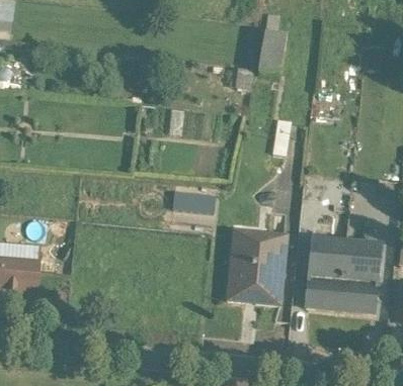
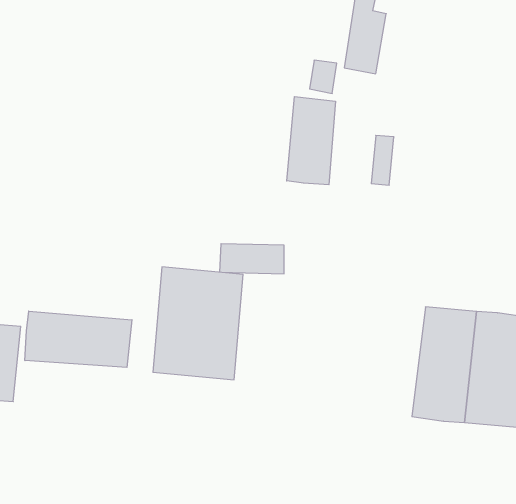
building: none -> [287,97,335,185]
building: [226,228,287,304] -> [153,267,243,380]
building: none -> [25,311,132,367]

